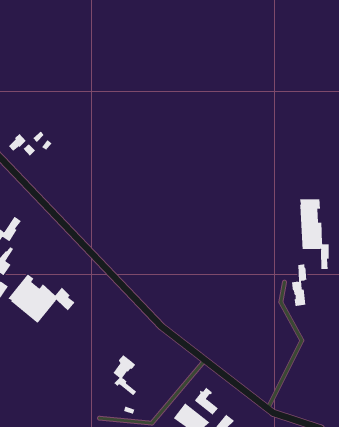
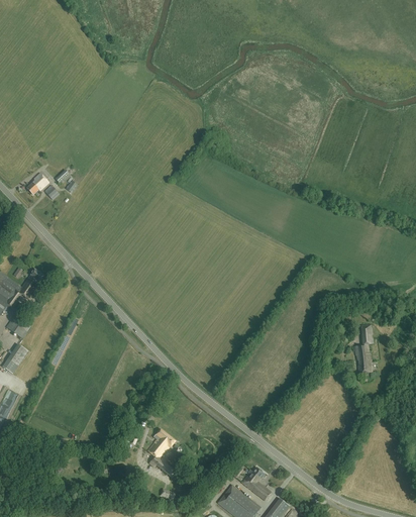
building: [299,199,329,270] -> none
building: [7,273,75,324] -> none

